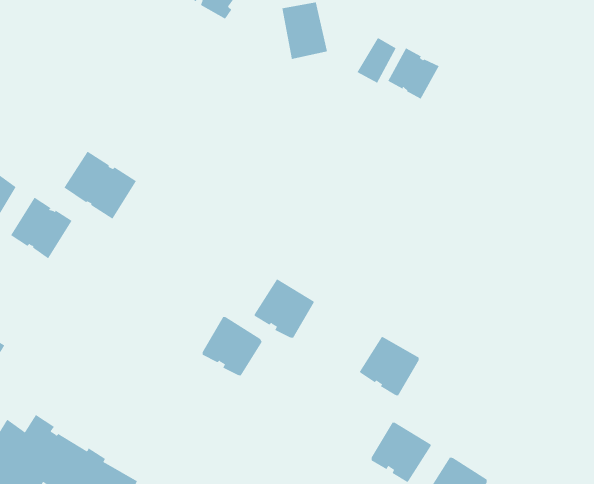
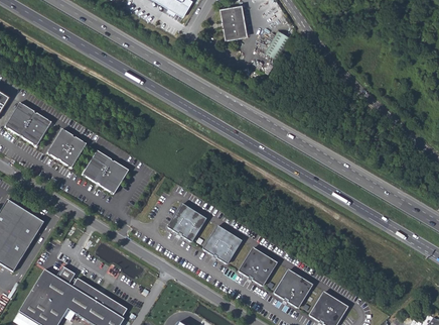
building: [387,48,439,100] -> none
building: [63,151,137,220] -> [82,150,128,194]
building: [254,279,314,338] -> [202,226,241,263]
building: [359,337,420,396] -> [238,248,276,286]

